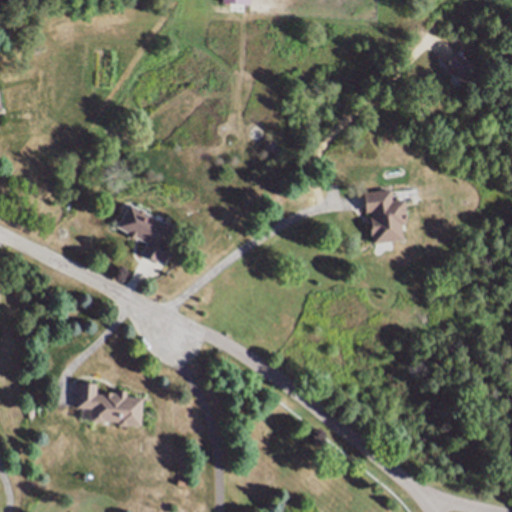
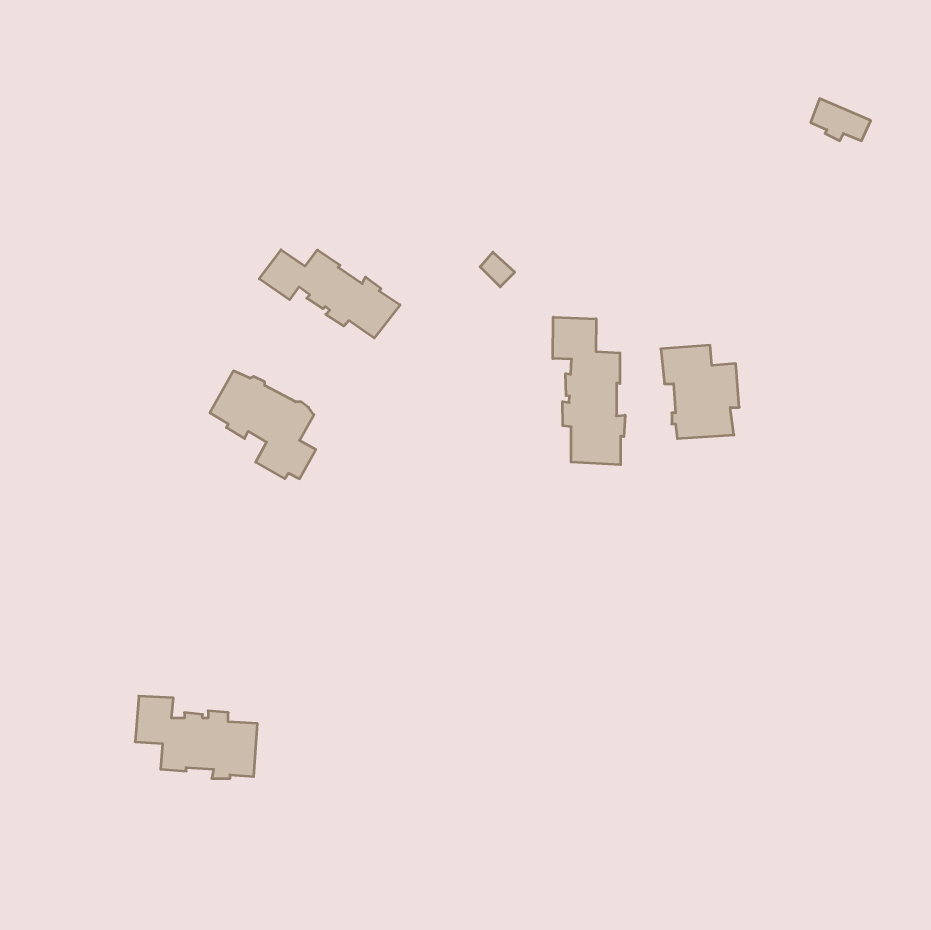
building: none -> [259,250,400,338]
building: none -> [553,317,625,465]

